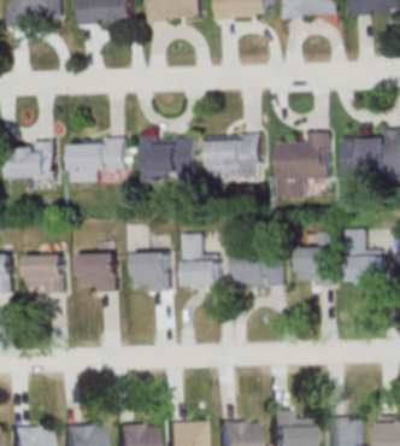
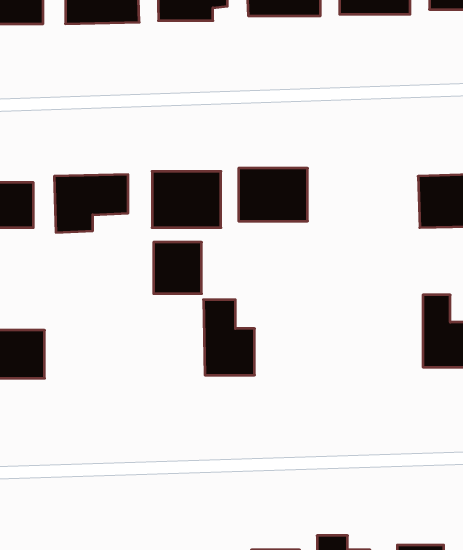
building: [275,131,328,198] -> none
building: [295,246,331,284] -> none
building: [131,252,167,291] -> [154,242,202,294]
building: [235,252,282,287] -> none
building: [76,254,114,292] -> none

